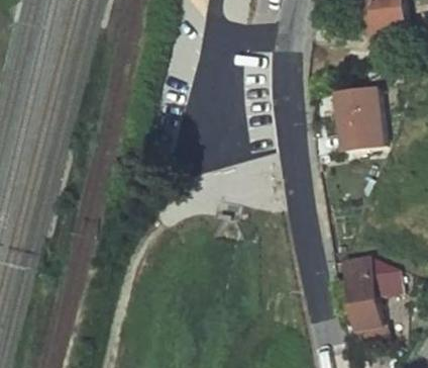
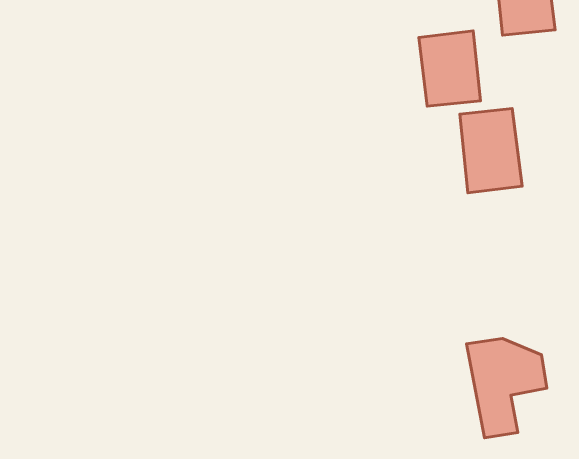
building: none -> [419,31,481,106]

